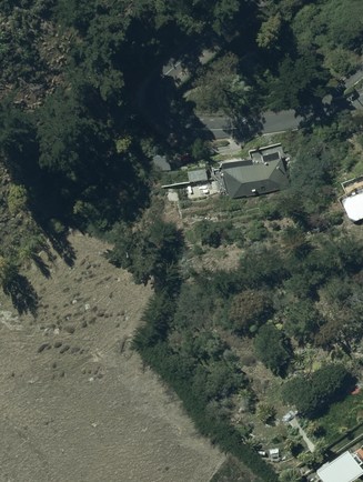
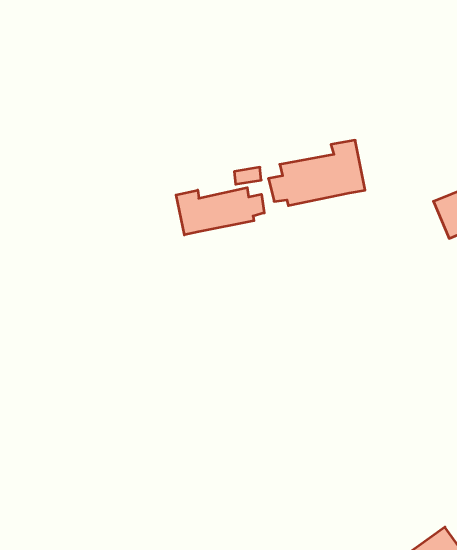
building: none -> [176,188,264,235]

